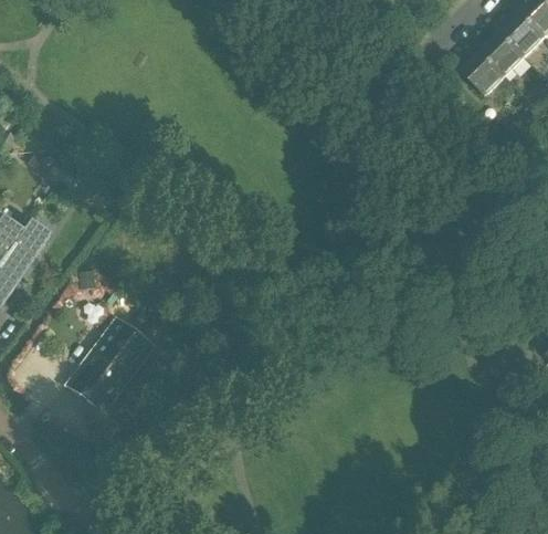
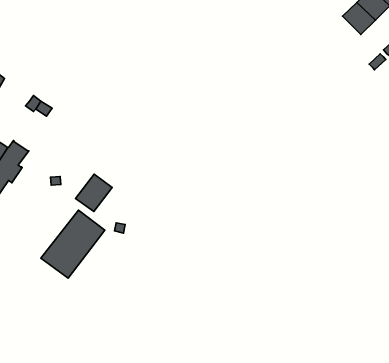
building: [460,49,505,94] -> none
building: none -> [76,174,112,212]

